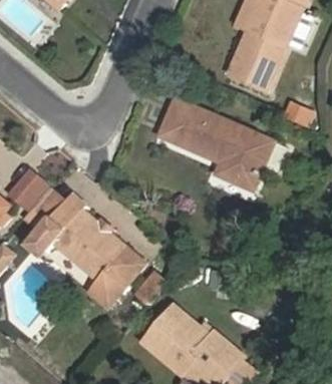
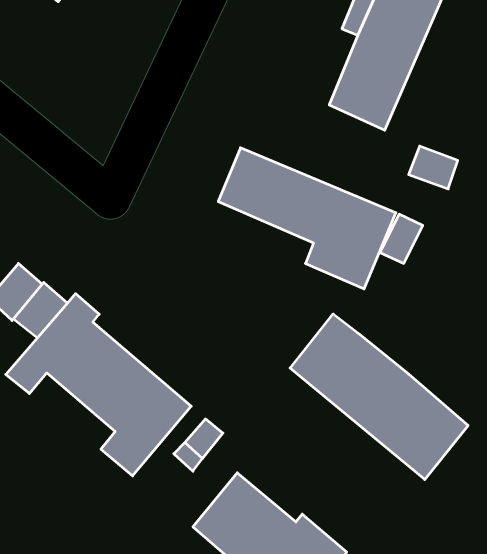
building: none -> [290,314,468,480]

